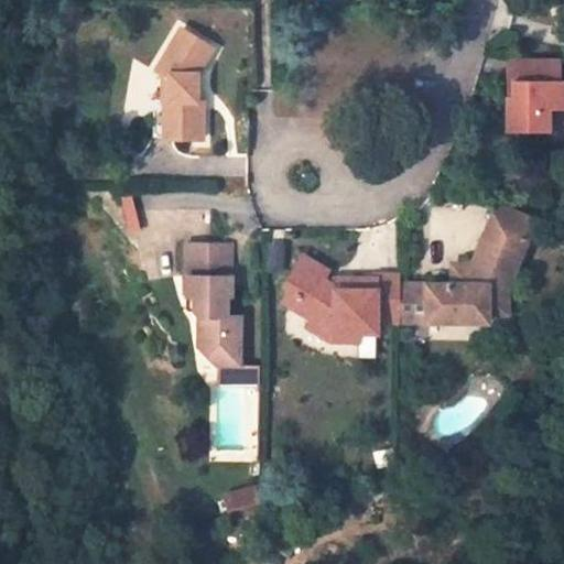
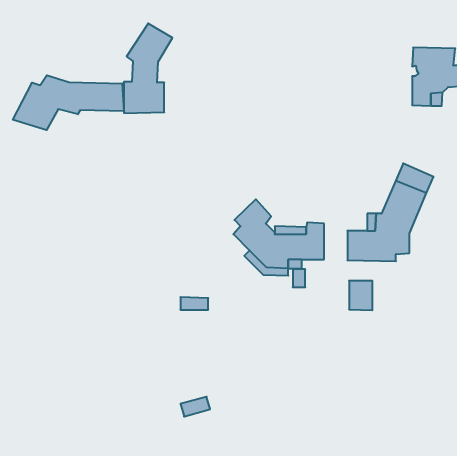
building: none -> [13,75,124,130]
building: [183,242,241,366] -> none
building: [400,286,429,323] -> [349,281,372,310]

